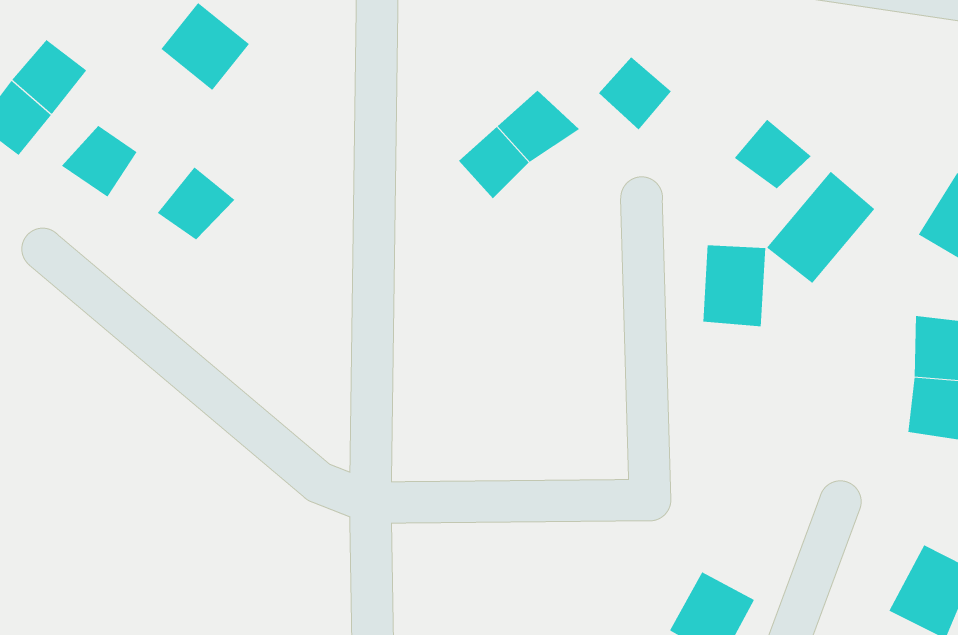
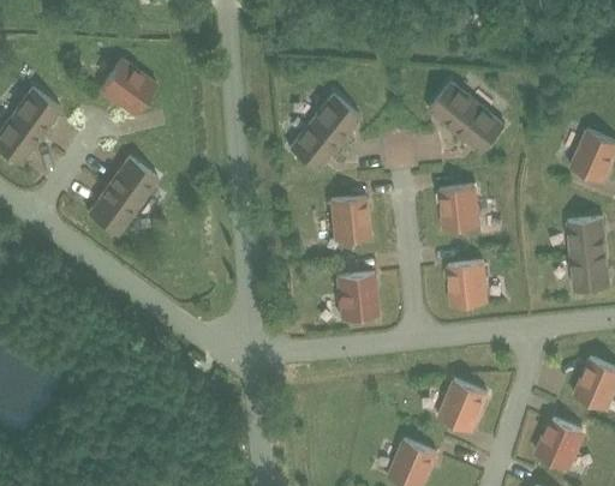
building: [598,56,672,130] -> [428,85,472,130]
building: [61,125,137,197] -> [86,192,132,235]
building: [766,171,875,284] -> none
building: none -> [332,198,370,242]
building: none -> [340,276,377,318]
building: none -> [441,271,476,312]

